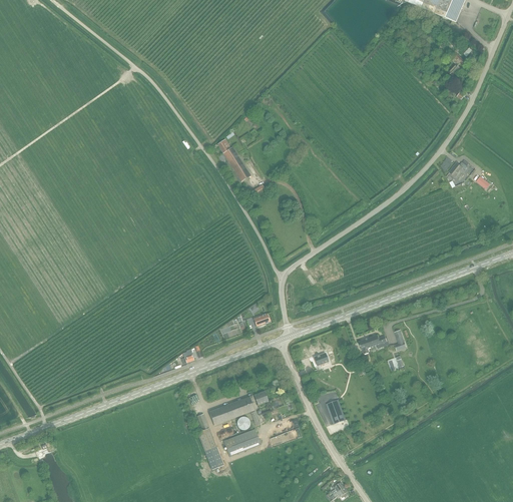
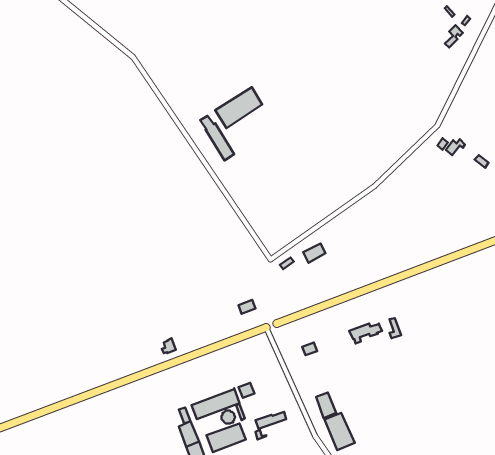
building: none -> [215,87,262,128]
building: none -> [324,413,355,450]

